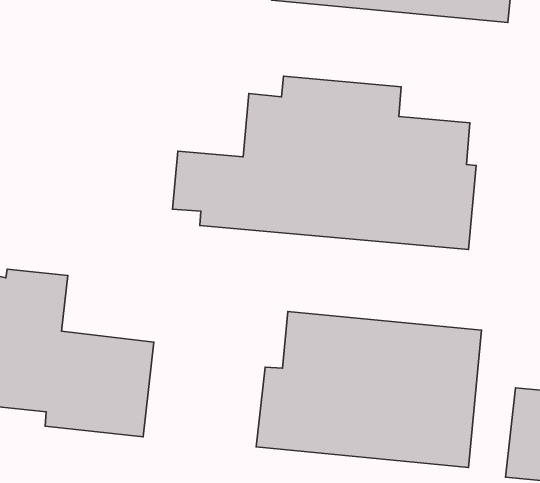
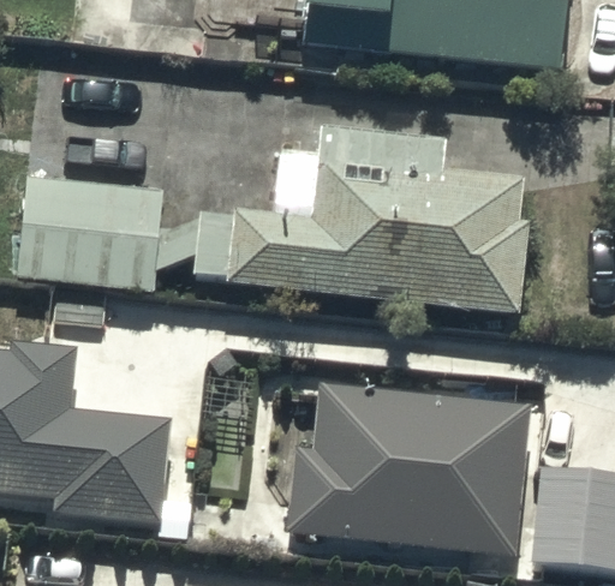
building: none -> [11,175,162,292]

